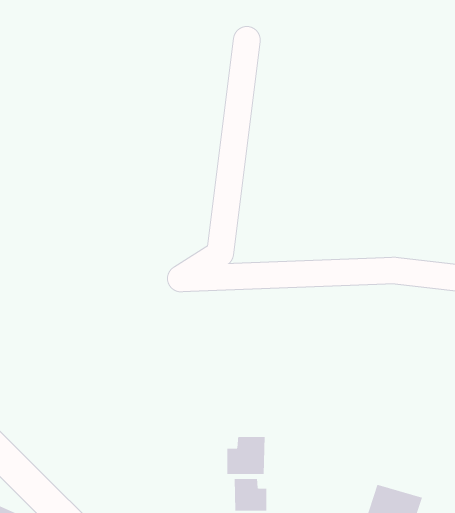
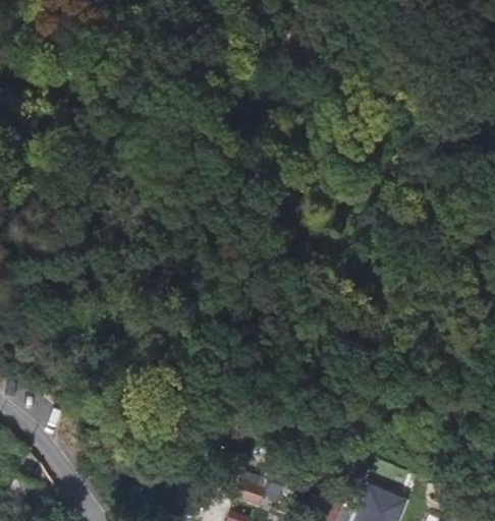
building: [227,436,265,475] -> none

